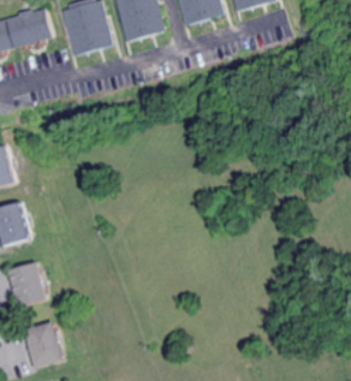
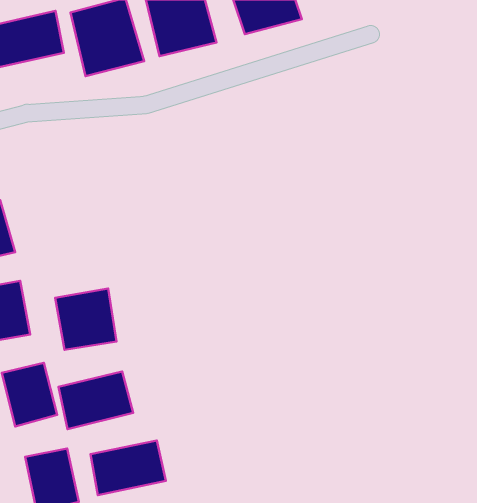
building: none -> [55,289,116,350]
building: none -> [58,371,133,429]
building: none -> [91,440,166,495]

